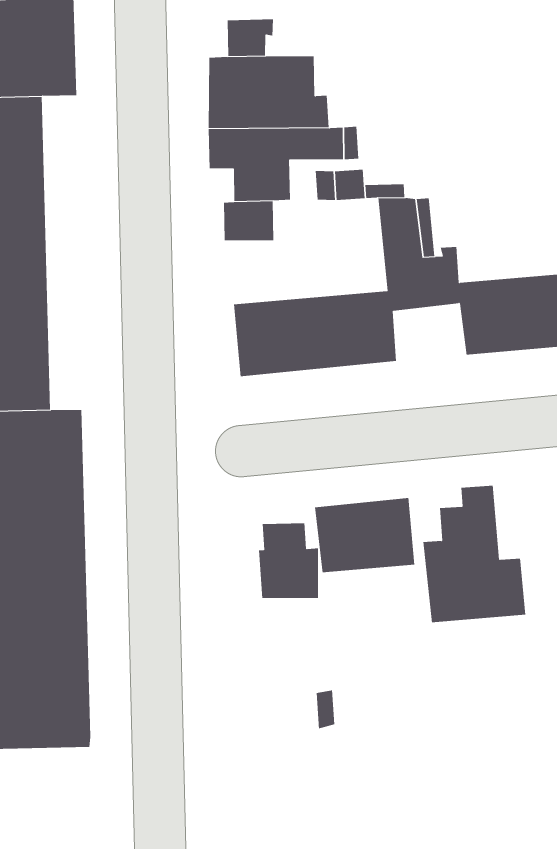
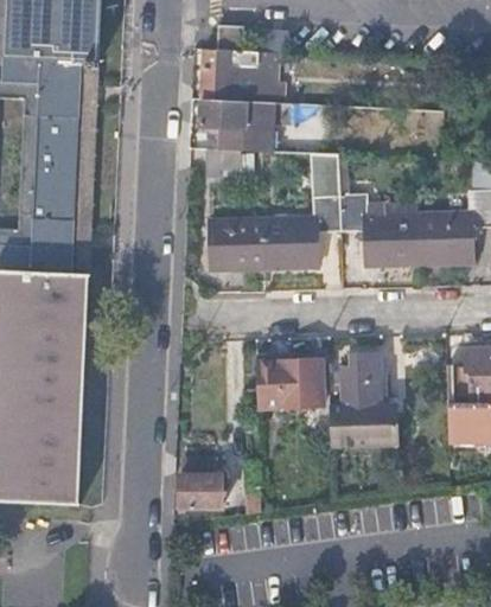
building: [258,523,319,599] -> [178,455,219,509]

